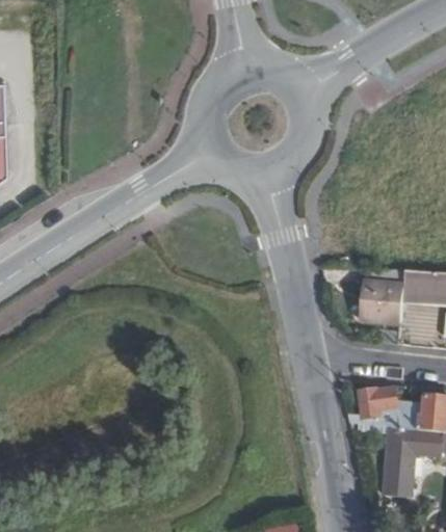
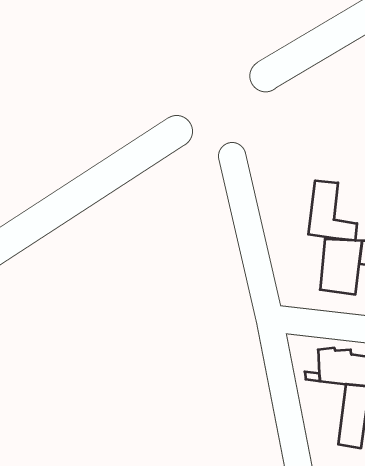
building: none -> [308,181,357,241]

